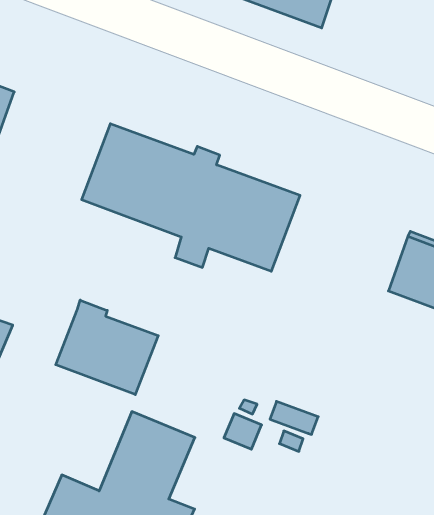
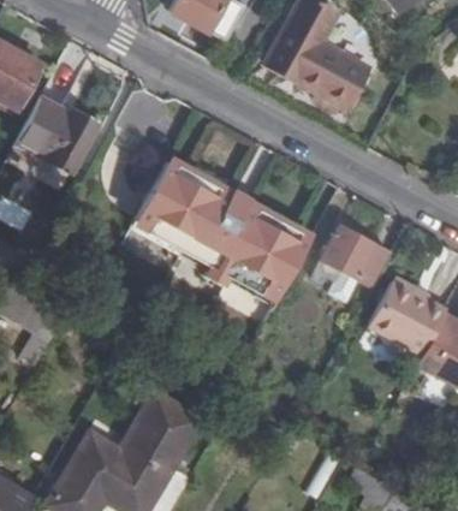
building: none -> [322,227,391,287]
building: [56,300,158,395] -> none

